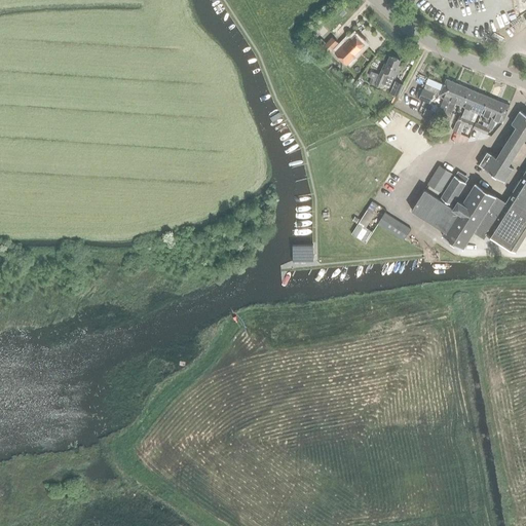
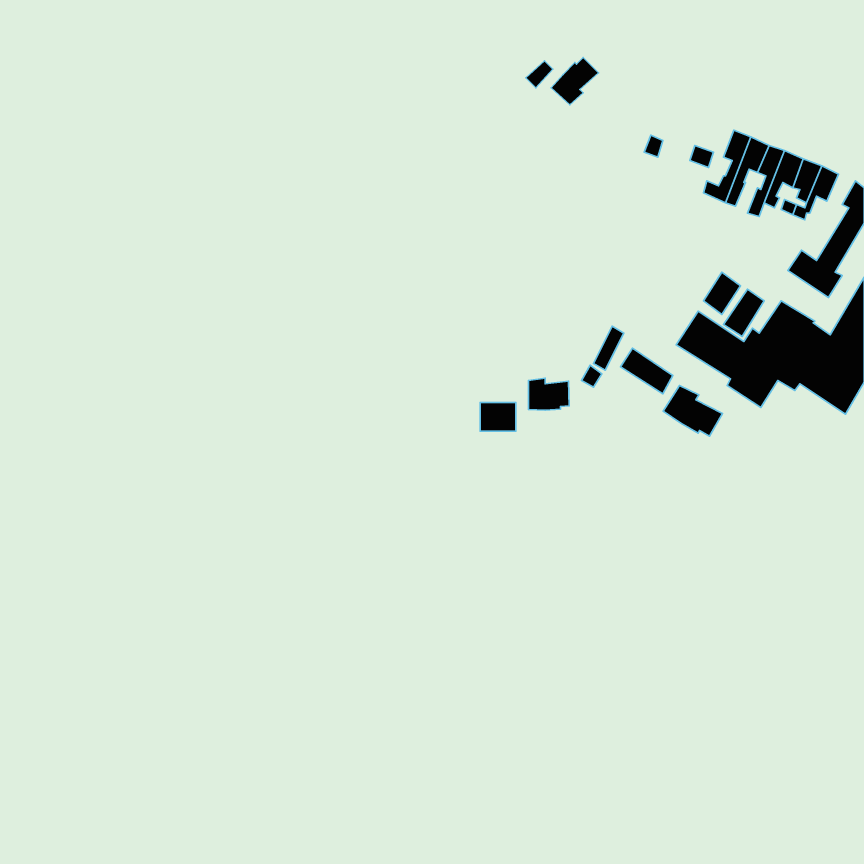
building: [376,55,400,86] -> none
building: none -> [529,378,569,410]
building: none -> [663,385,723,436]

